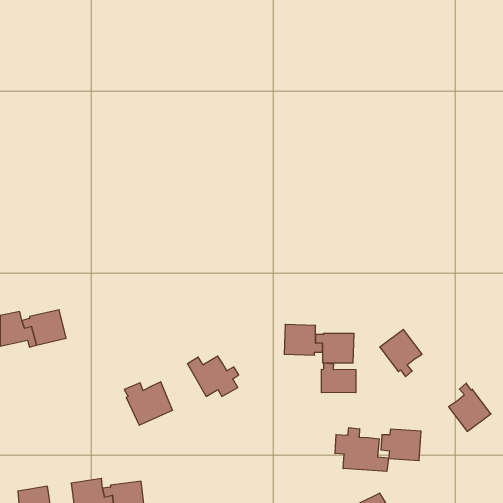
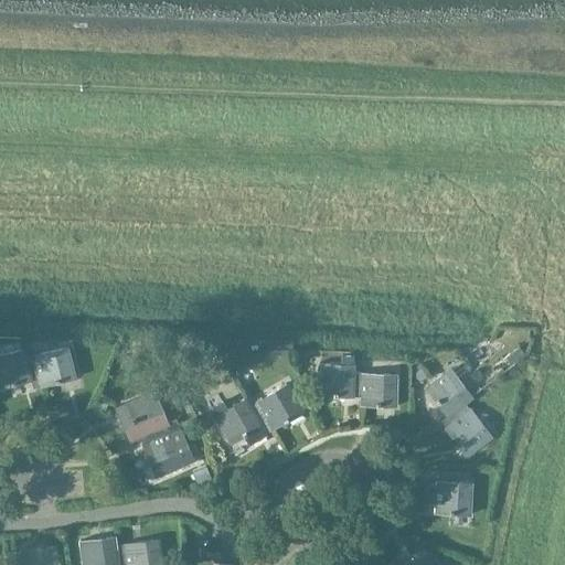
building: none -> [250,385,303,430]
building: none -> [117,393,181,441]
building: [321,363,356,393] -> none
building: [449,383,491,431] -> [445,403,492,457]
building: [335,428,388,471] -> none

